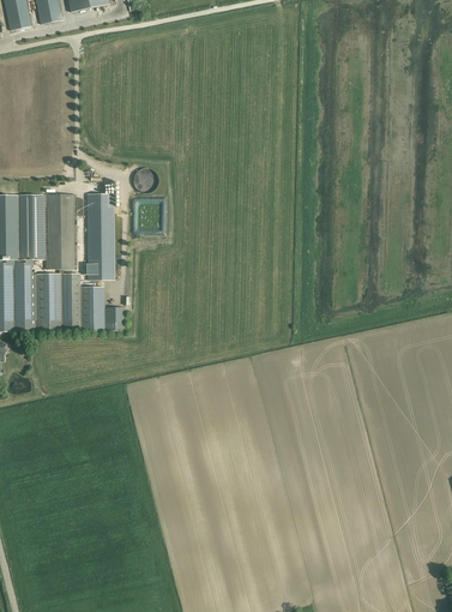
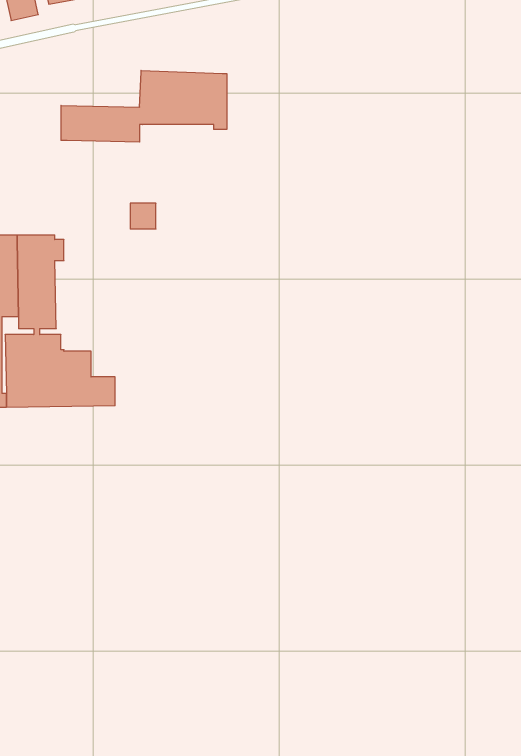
building: none -> [61,70,227,142]
building: [83,192,114,278] -> none

